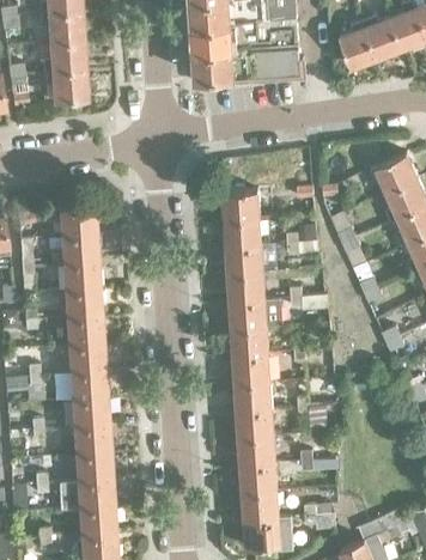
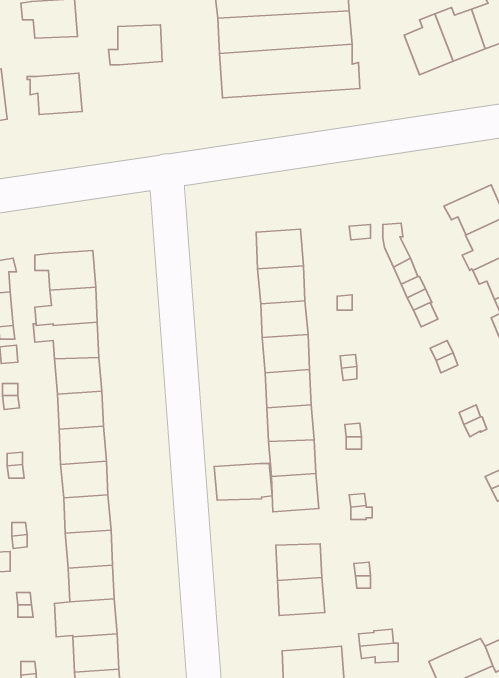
building: [42,41,84,72] -> [109,25,162,65]
building: [236,410,281,439] -> [214,464,272,500]
building: [241,492,278,522] -> none

